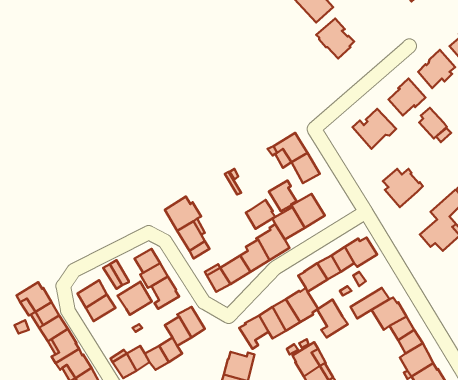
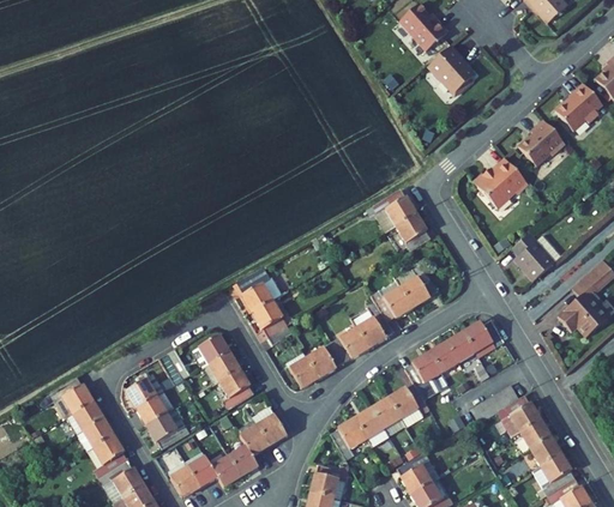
building: [419,108,447,139] -> none
building: [269,181,297,211] -> none
building: [246,200,275,229] -> none
building: [117,281,152,315] -> [146,408,189,449]
building: [317,299,348,338] -> none

